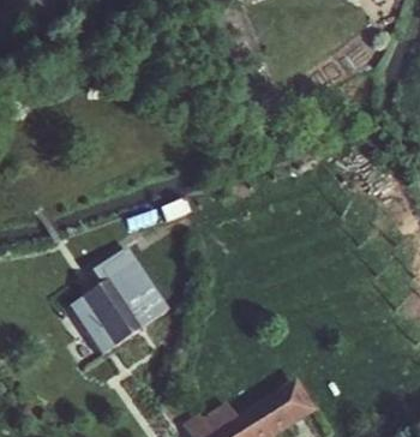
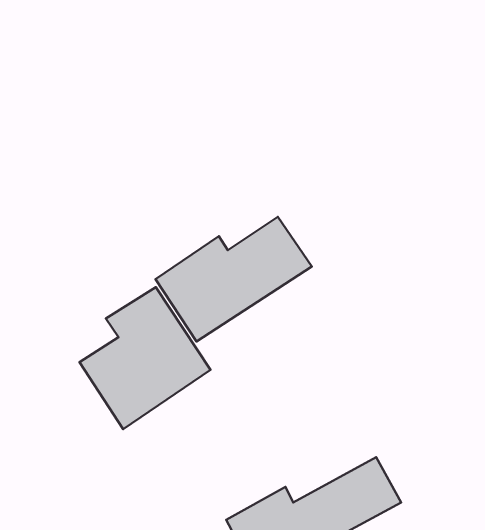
building: none -> [155,217,312,341]

